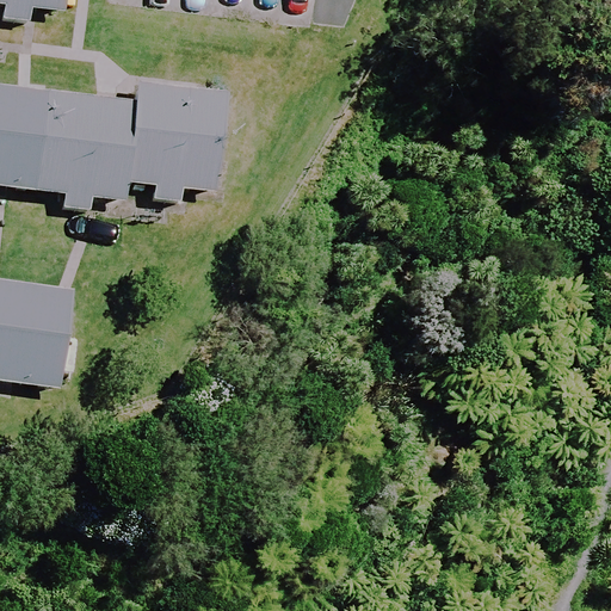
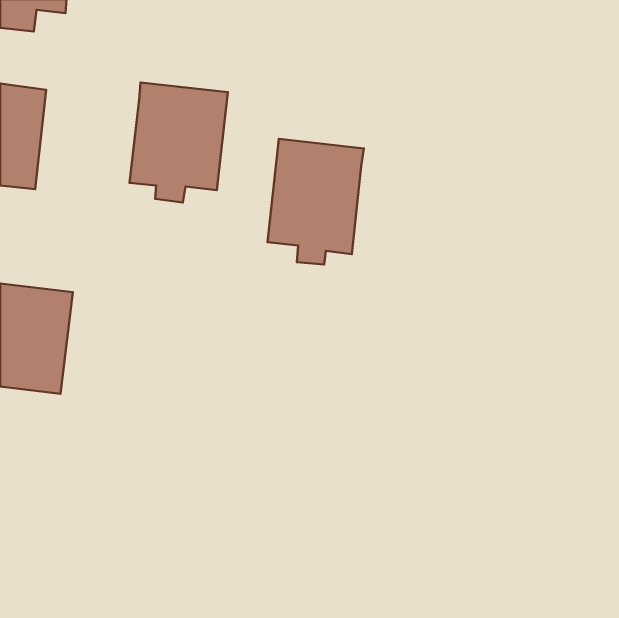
building: [35,88,137,205] -> none
building: none -> [267,139,364,265]

